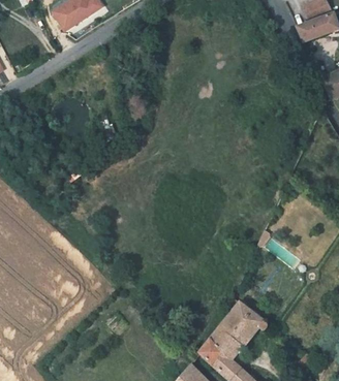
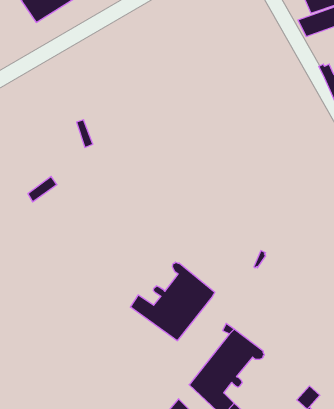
building: none -> [130,262,215,341]

